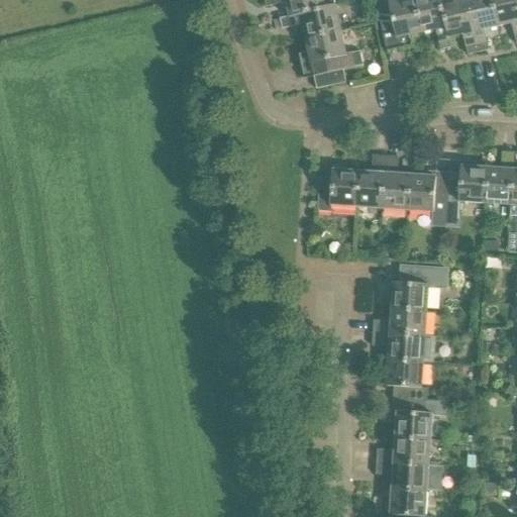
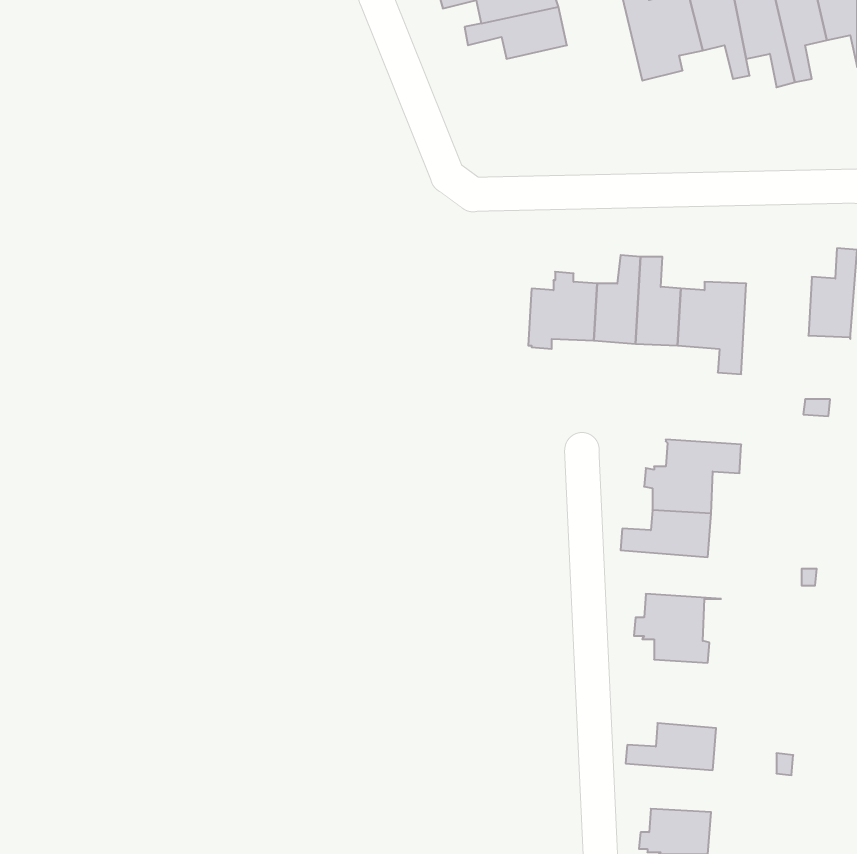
building: [299,27,364,87] -> none
building: [446,161,489,227] -> none
building: [373,331,435,360] -> none
building: [392,397,448,438] -> none
building: [376,459,444,490] -> none

